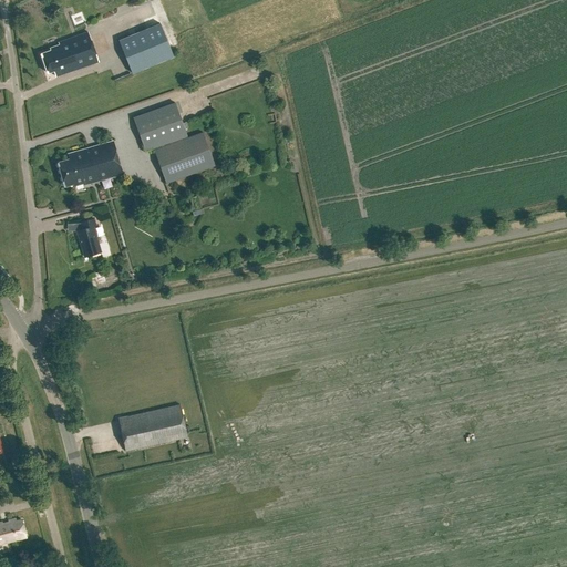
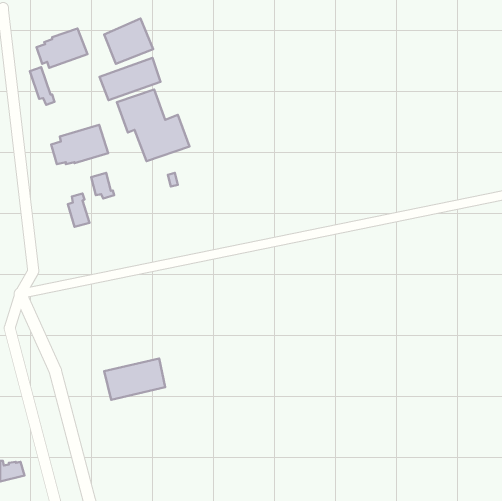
building: none -> [99,58,161,100]
building: none -> [30,67,55,105]
building: none -> [91,173,114,198]

